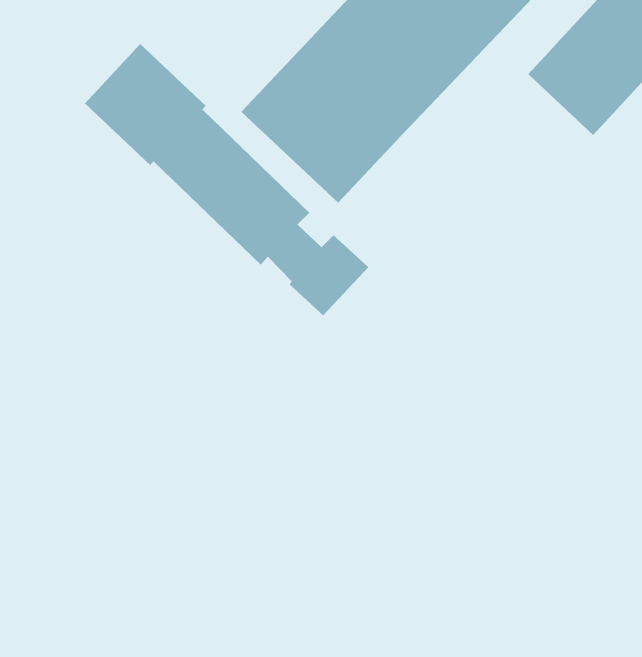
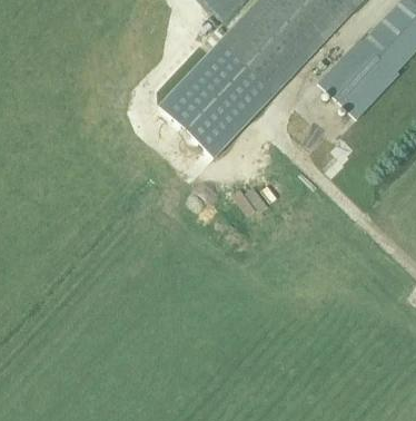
building: [84,43,369,316] -> none

